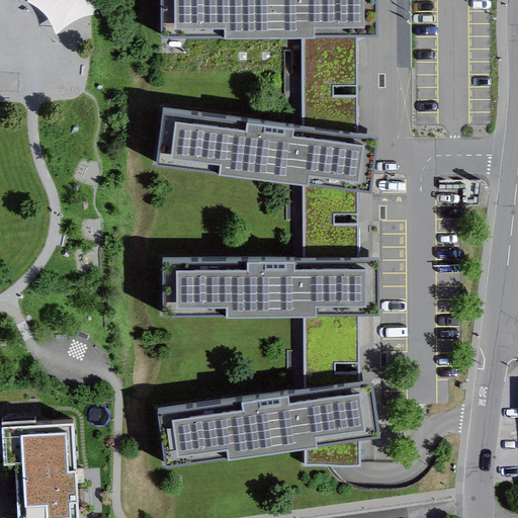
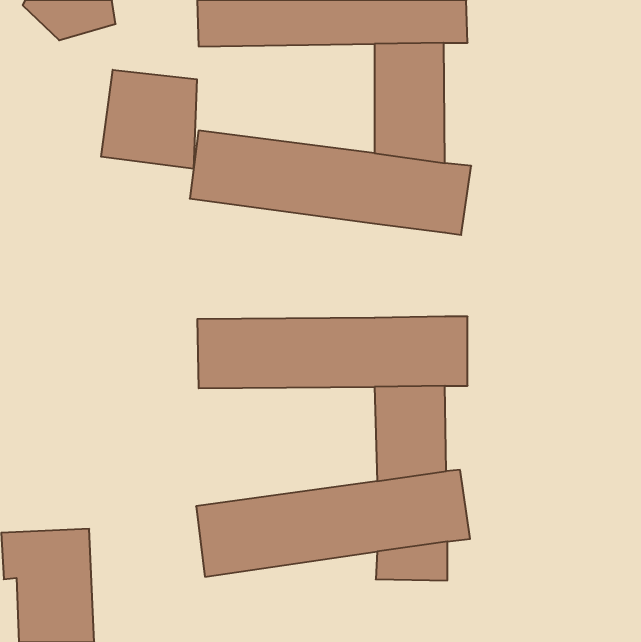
building: none -> [101,70,197,169]
building: [301,180,358,256] -> none

